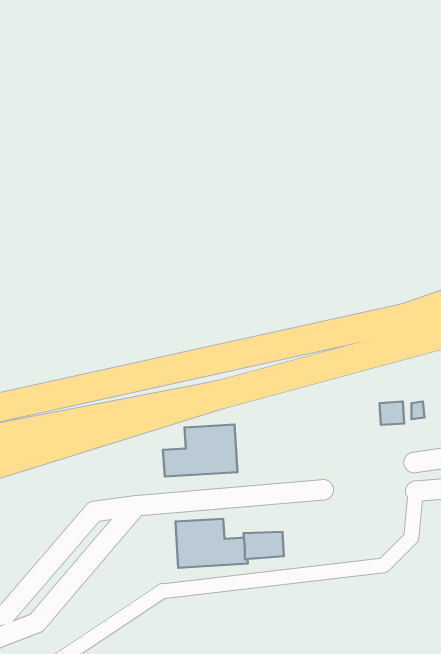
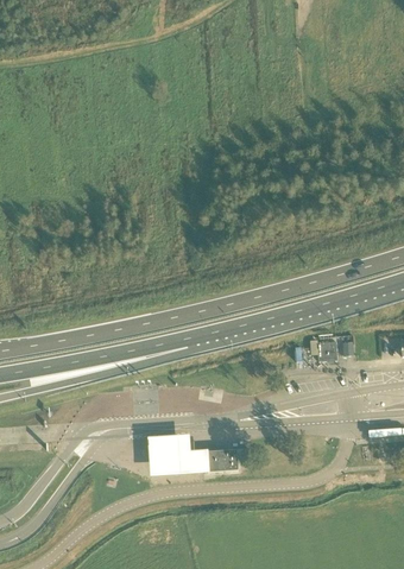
building: [163,424,237,477] -> none

